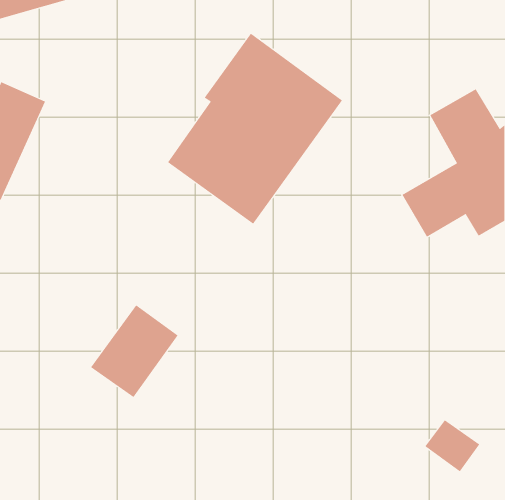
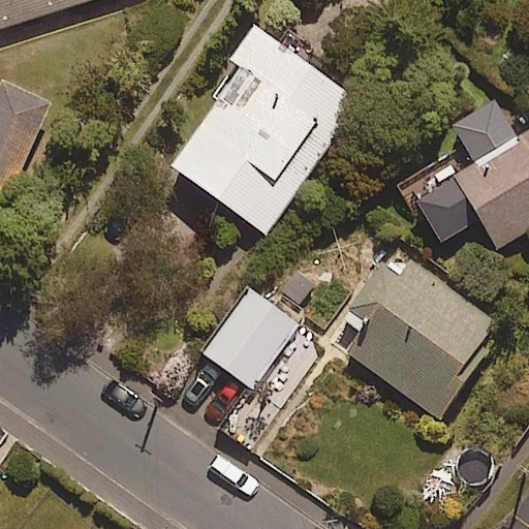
building: none -> [326,236,499,413]
building: [90,305,179,398] -> [206,289,298,386]

